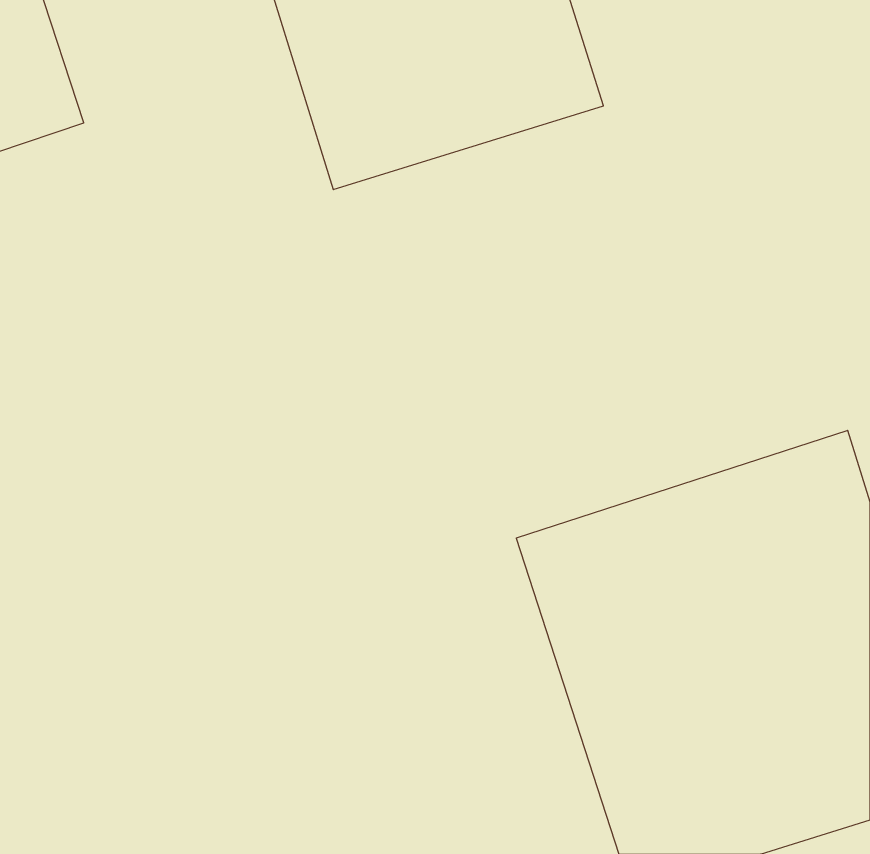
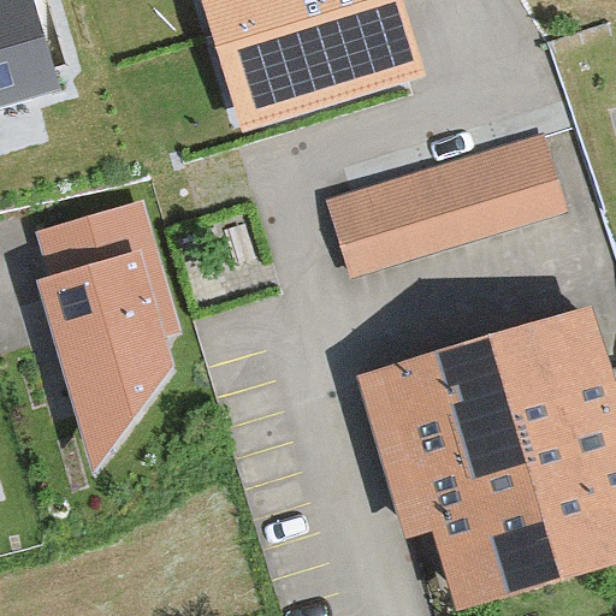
building: none -> [327,128,567,276]
building: none -> [34,194,179,473]

